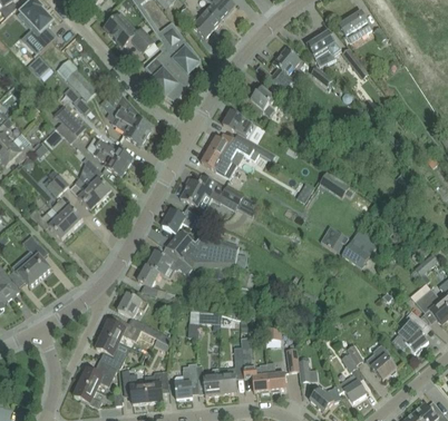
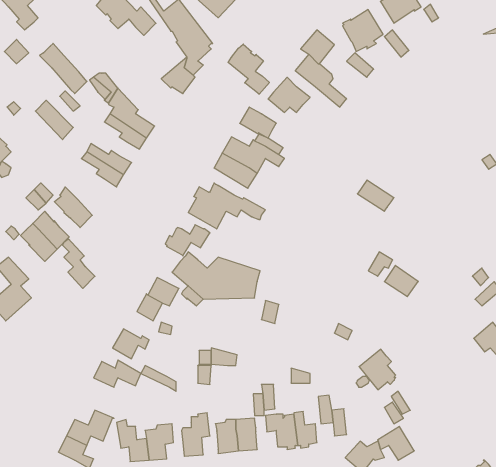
building: [146,48,178,87] -> none
building: none -> [228,44,269,94]
building: [84,158,110,199] -> [63,238,95,288]
building: [393,310,428,353] -> none
building: [95,333,126,368] -> none
building: [366,345,396,379] -> [359,349,396,390]

